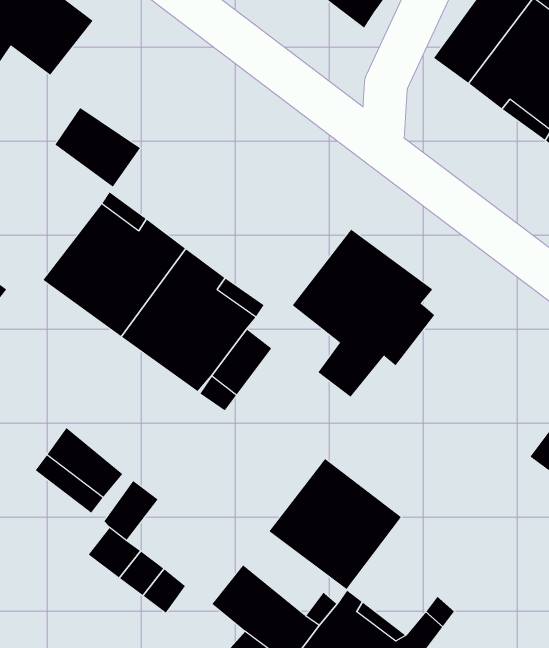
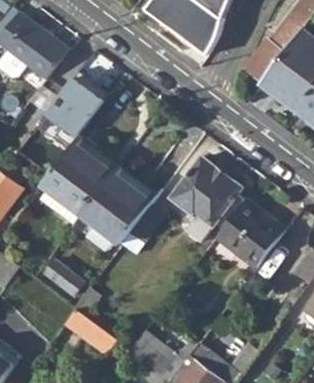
building: none -> [60,73,108,116]
building: [268,458,402,590] -> [215,200,284,267]

